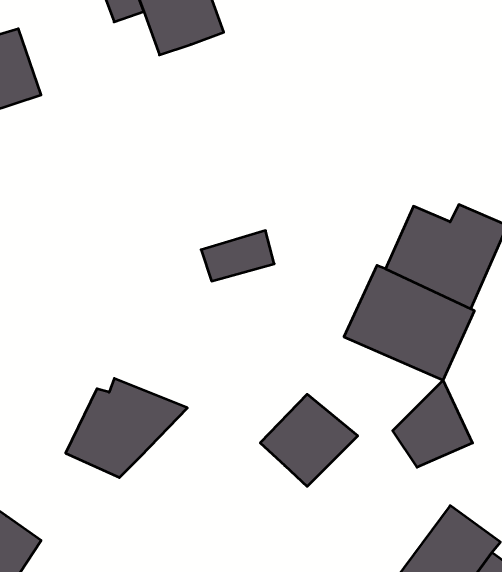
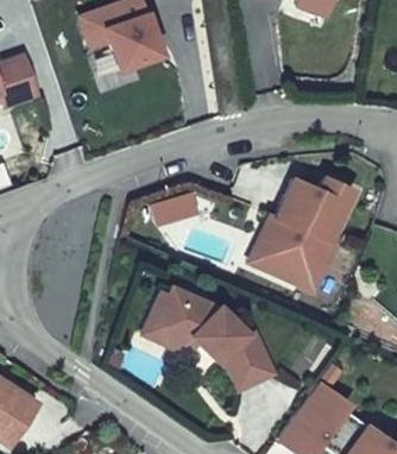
building: [66,378,187,478] -> [139,283,222,351]
building: [393,380,473,467] -> [222,332,277,391]

